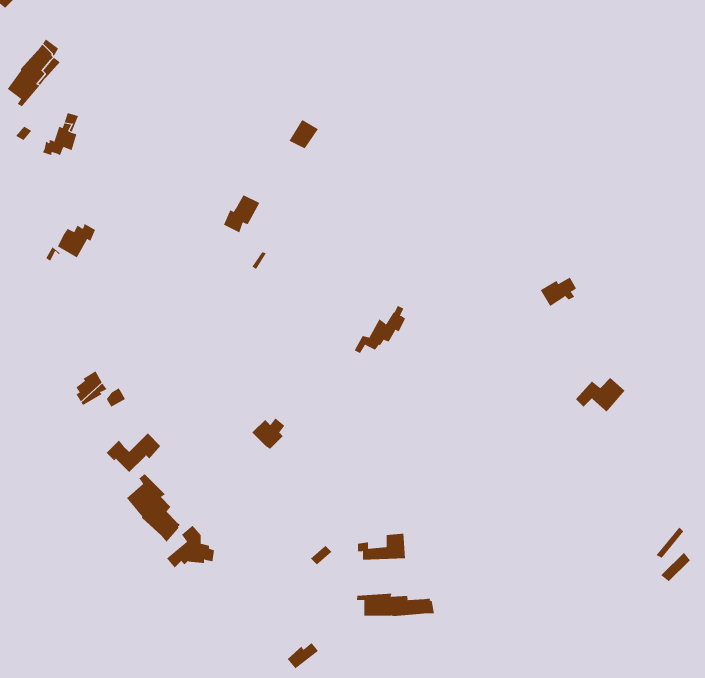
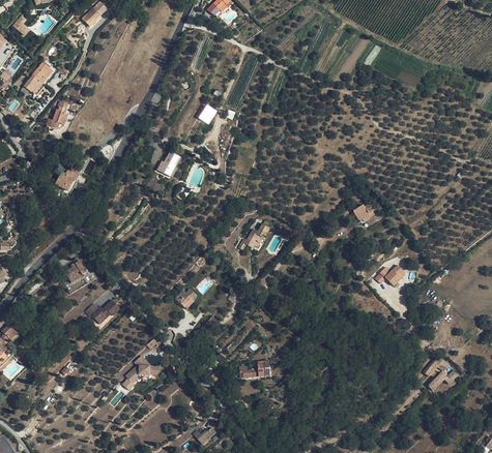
building: [126,473,181,543] -> none
building: [356,593,434,617] -> none

